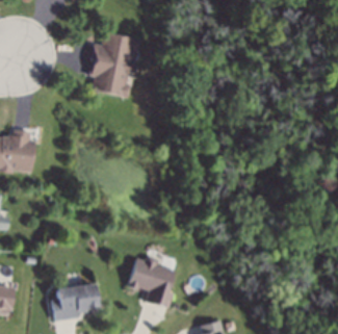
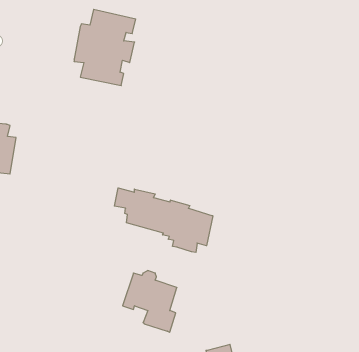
building: none -> [114,188,213,252]
building: [52,283,98,320] -> none

